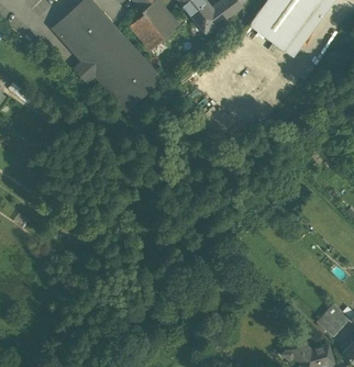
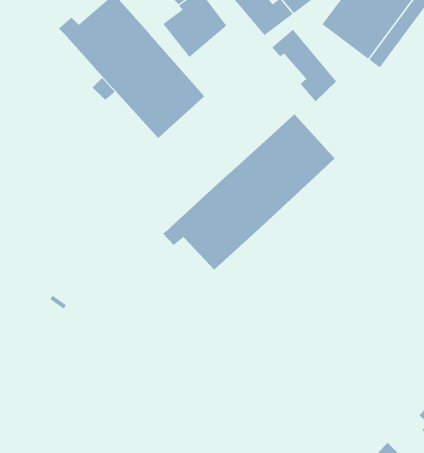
building: none -> [272,29,337,102]
building: none -> [162,114,335,270]

